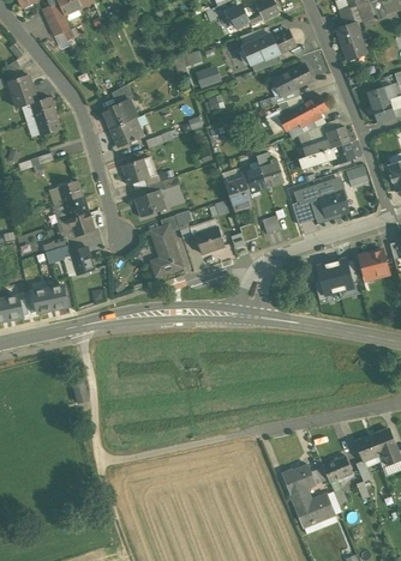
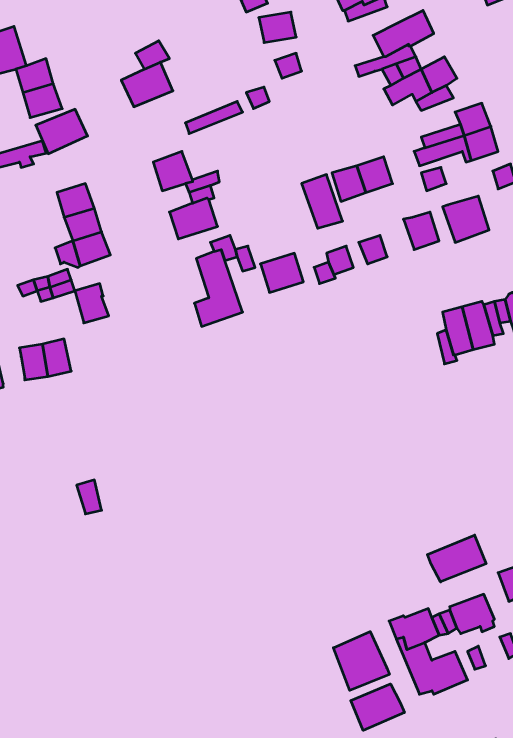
building: [109,117,144,147] -> [36,109,88,154]
building: [293,176,343,222] -> none
building: none -> [427,535,486,582]
building: none -> [333,632,389,690]
building: none -> [351,684,404,730]

